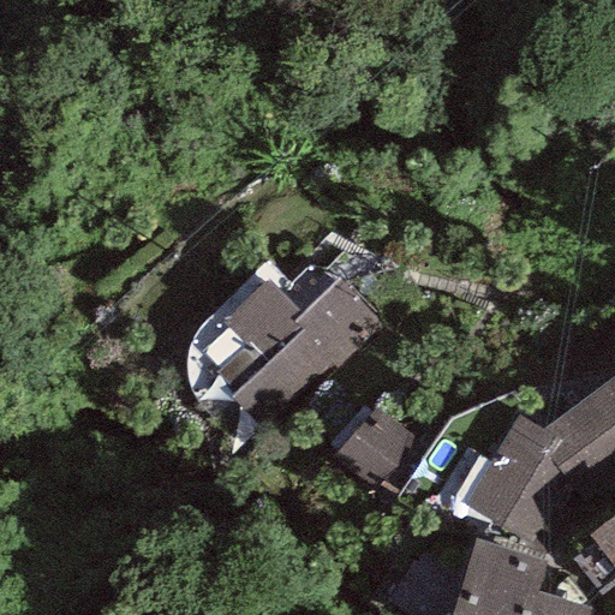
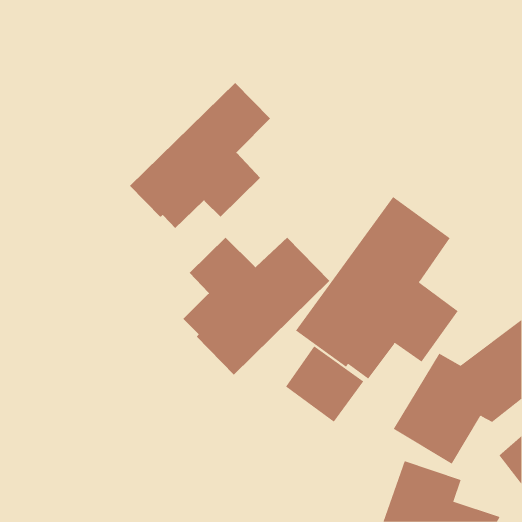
building: none -> [129,82,271,229]
building: none -> [295,196,459,380]

